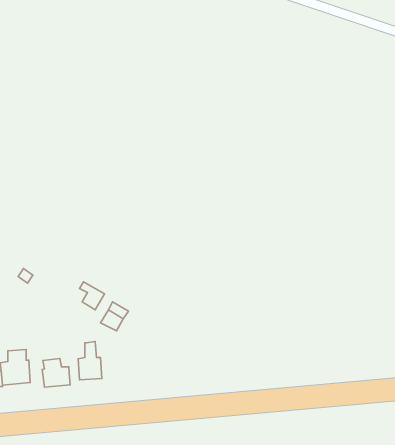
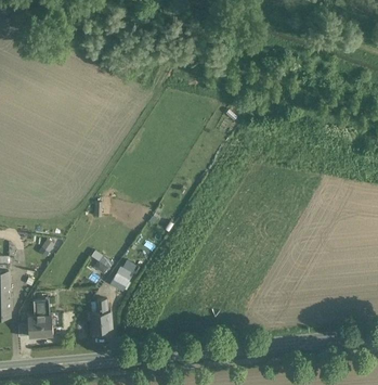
building: [42,359,70,387] -> none

